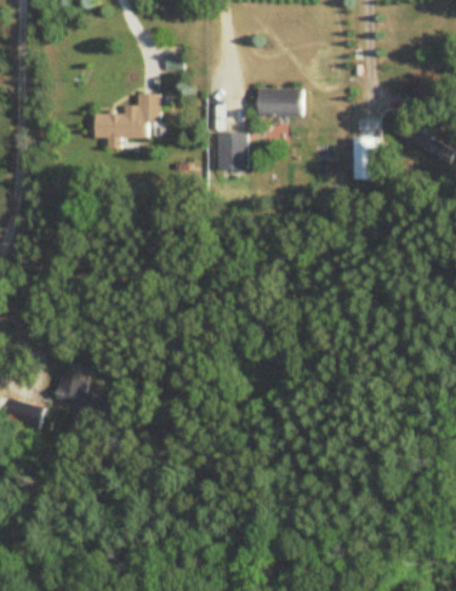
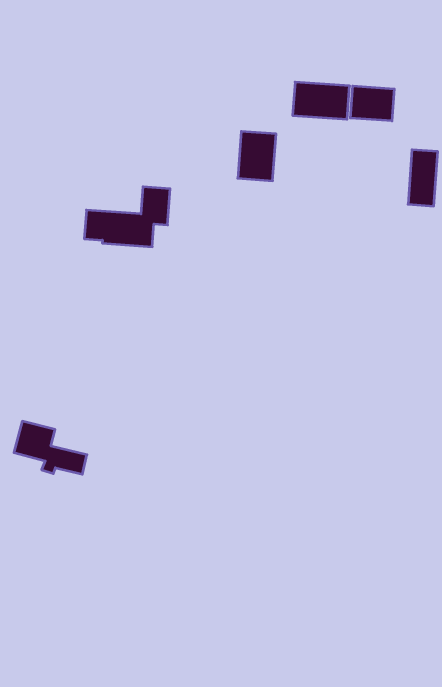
building: none -> [350,86,394,121]
building: [95,91,160,138] -> [84,187,170,247]

